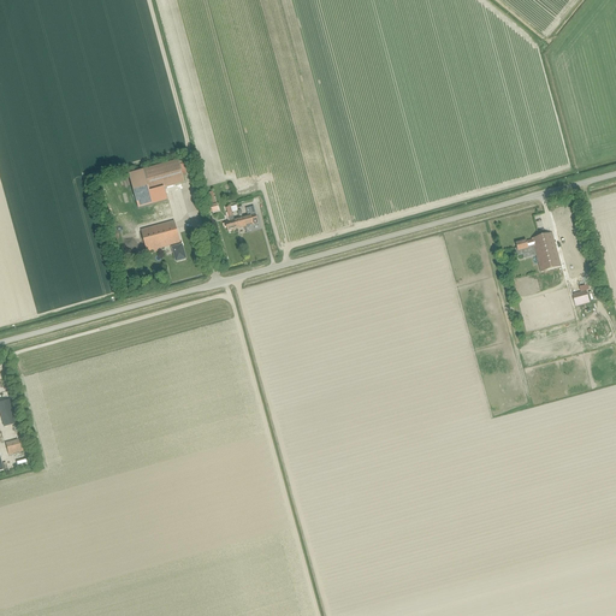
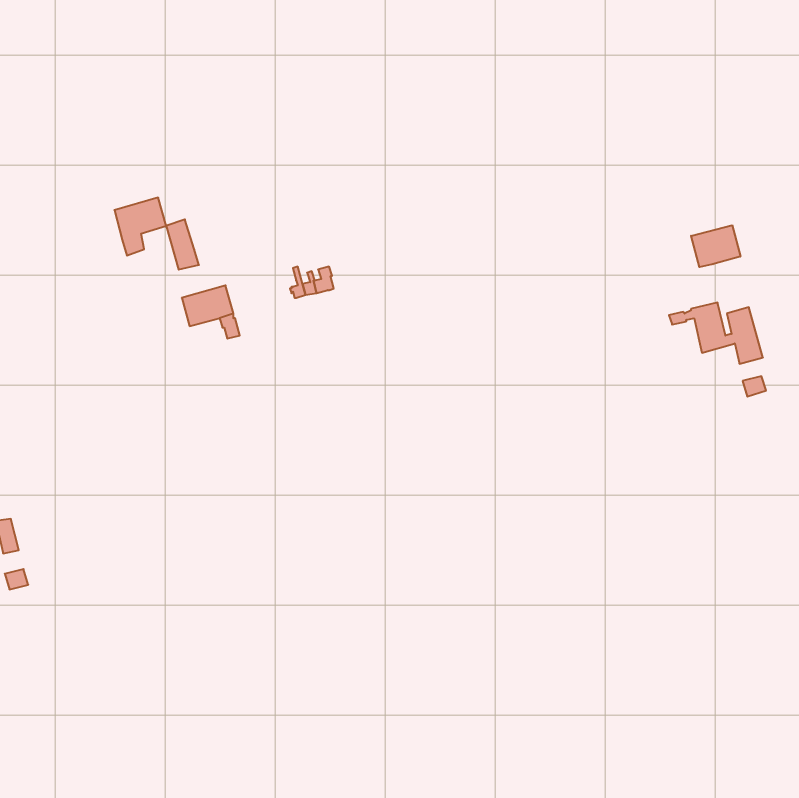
building: [143,159,183,203] -> [114,198,166,256]
building: none -> [691,225,740,267]

